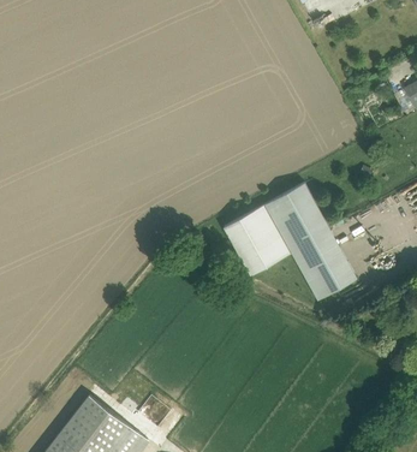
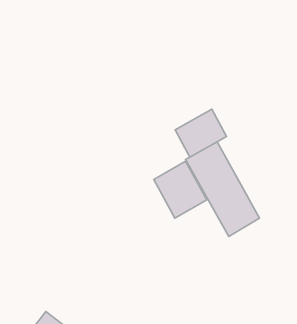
building: none -> [175,109,226,157]

